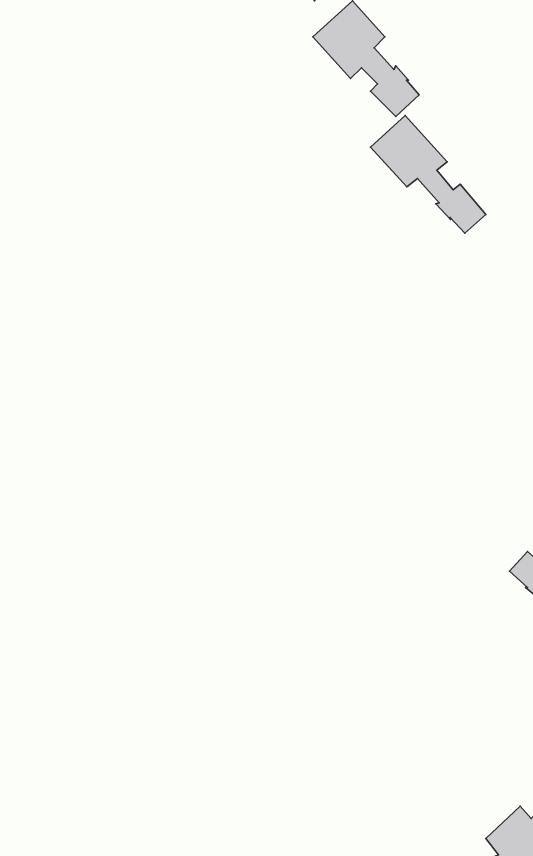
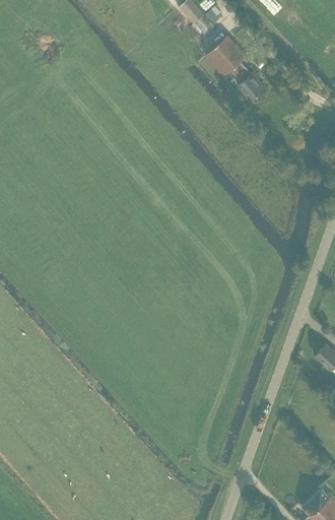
building: [370,115,486,233] -> none

